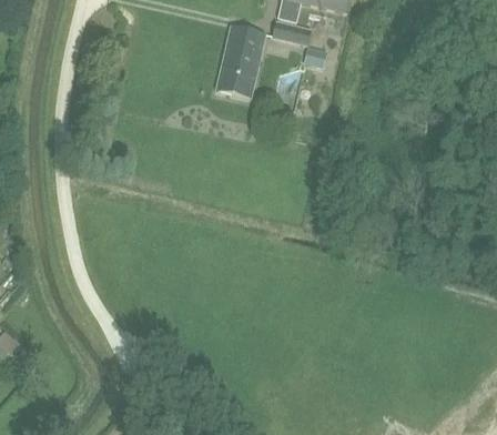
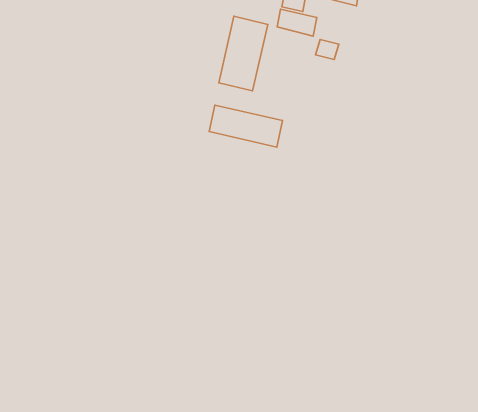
building: none -> [209,105,283,147]

